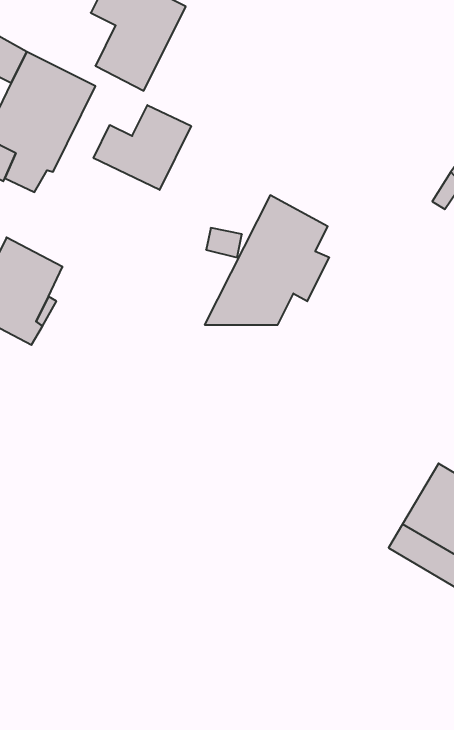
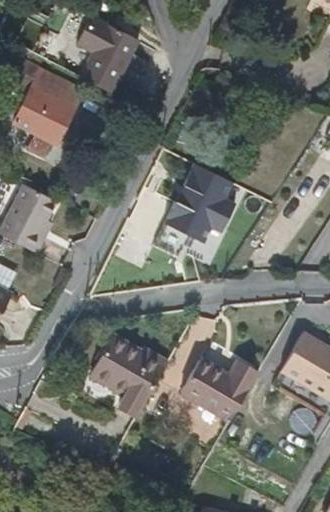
building: [94,105,191,190] -> none
building: none -> [93,334,165,416]
building: none -> [179,358,258,420]

